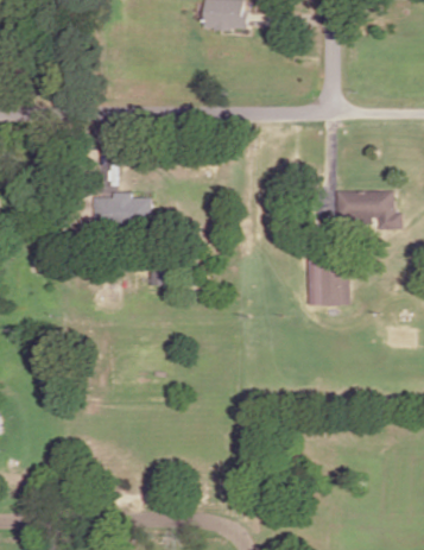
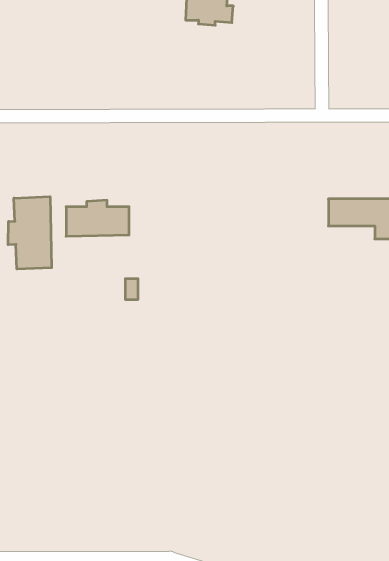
building: none -> [8,197,52,269]
building: [308,260,346,305] -> none

